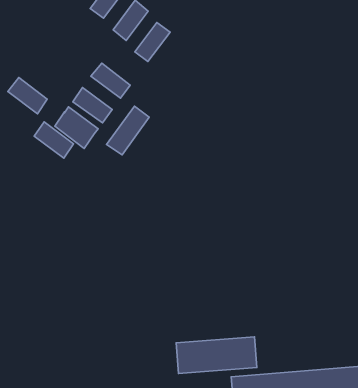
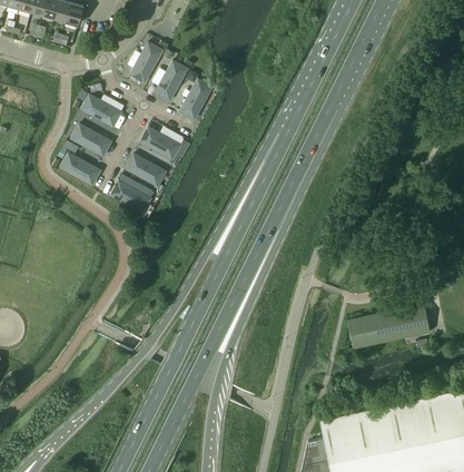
building: none -> [80,95,120,127]
building: [106,106,149,155] -> none
building: [34,122,74,158] -> [70,124,110,157]
building: [176,337,257,373] -> [346,303,430,350]

